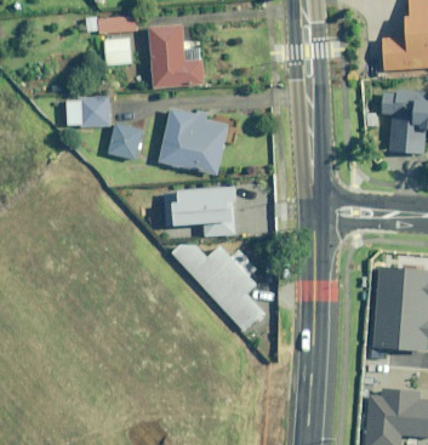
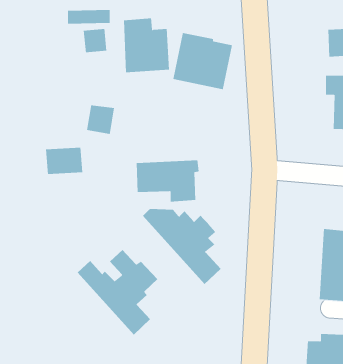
building: [67,96,110,127] -> [45,147,83,175]
building: [159,108,228,173] -> [173,33,233,90]
building: none -> [77,249,158,336]

